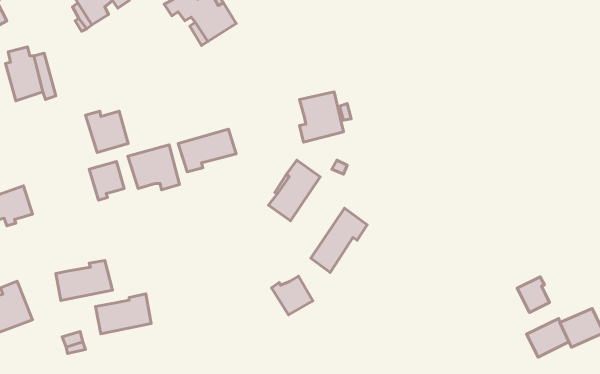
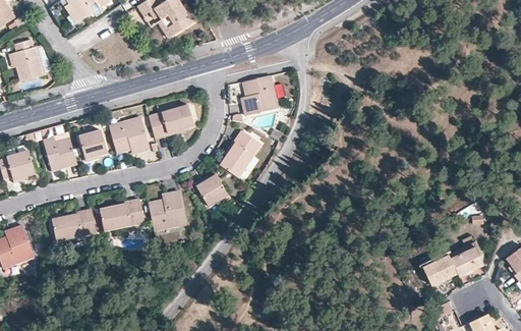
building: [85,111,128,152] -> [43,137,76,170]
building: [311,208,367,272] -> none
building: none -> [148,190,186,230]
building: [272,276,313,315] -> [195,175,228,206]
building: [517,277,550,313] -> none
building: [96,294,151,334] -> [100,199,143,230]

